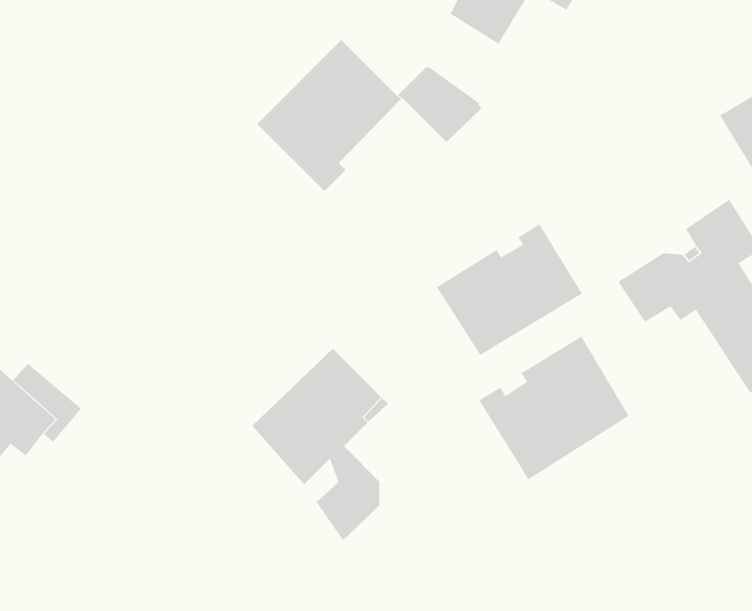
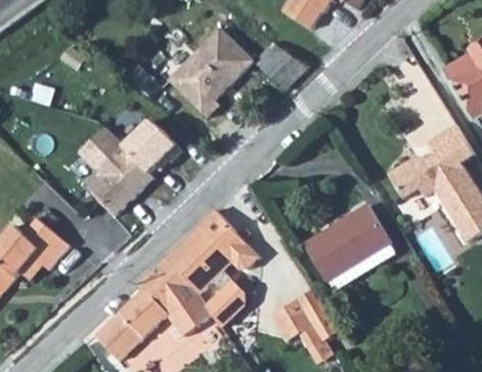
building: none -> [80,125,181,220]
building: [436,224,583,356] -> none
building: none -> [94,259,211,361]
building: none -> [271,290,338,364]

